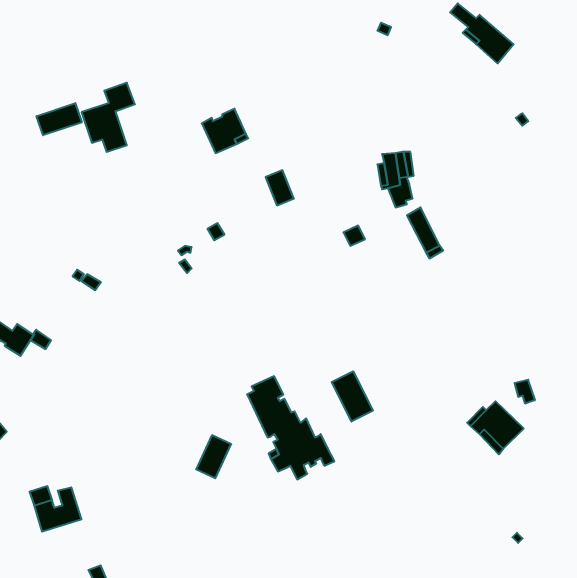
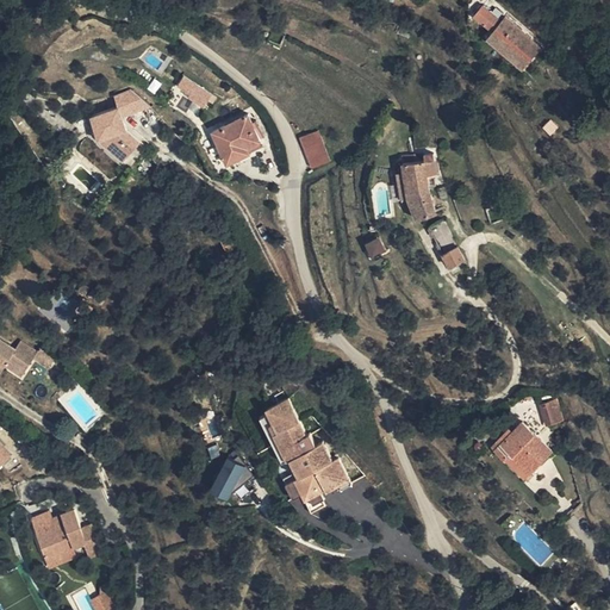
building: none -> [172,76,210,110]
building: [37,103,82,135] -> none
building: [266,170,294,205] -> [299,131,329,168]
building: [332,371,373,422] -> none

